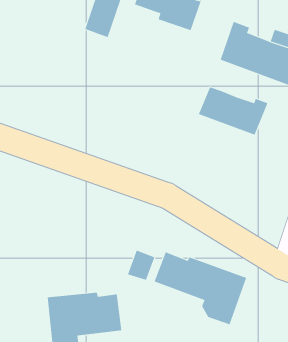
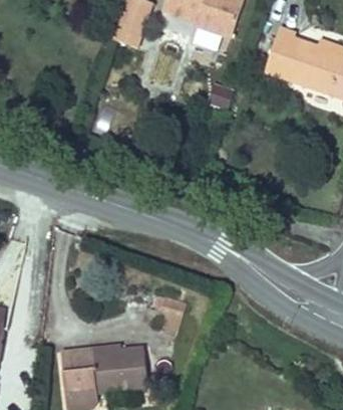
building: [198,87,268,136] -> none
building: [154,252,247,325] -> none

